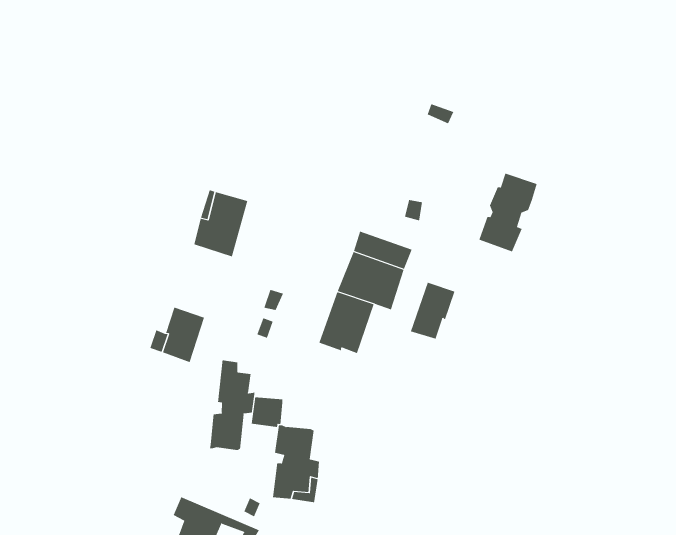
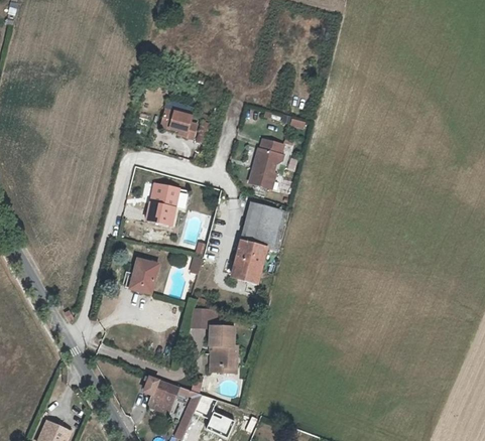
building: none -> [159,109,195,138]
building: [478,173,537,252] -> [247,139,281,188]
building: [410,282,455,339] -> none
building: [210,360,255,451] -> none

